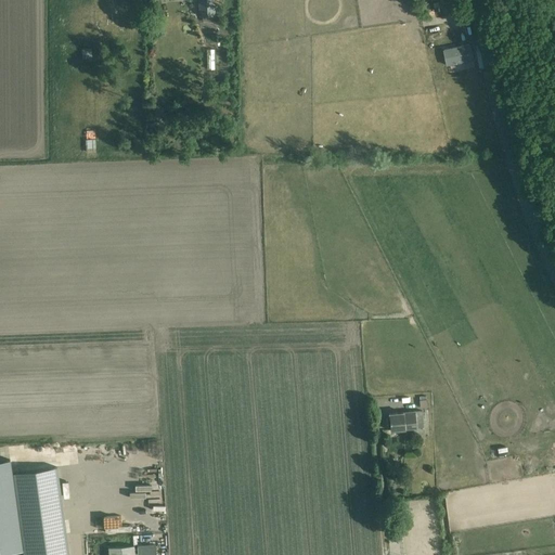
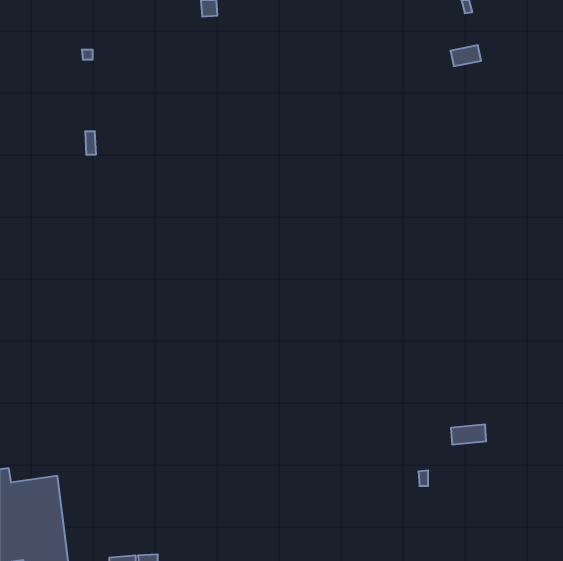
building: [388,414,423,434] -> [451,424,486,444]

